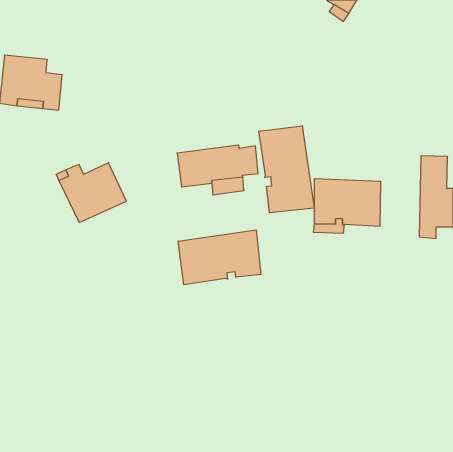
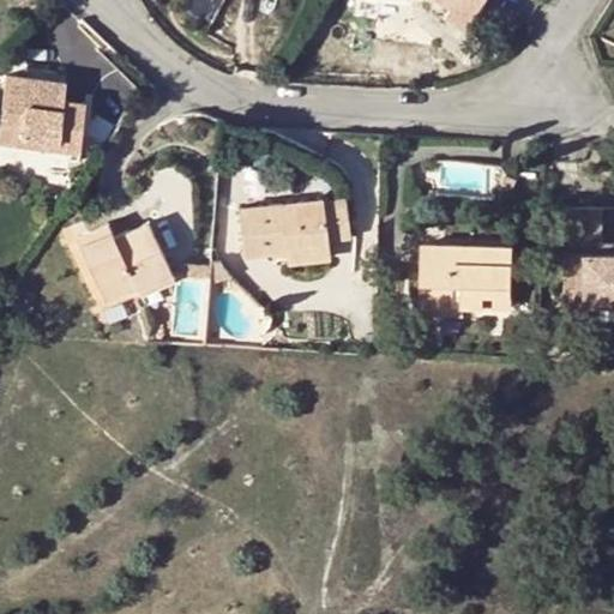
building: [259,126,314,213] -> none
building: [178,230,261,285] -> none

